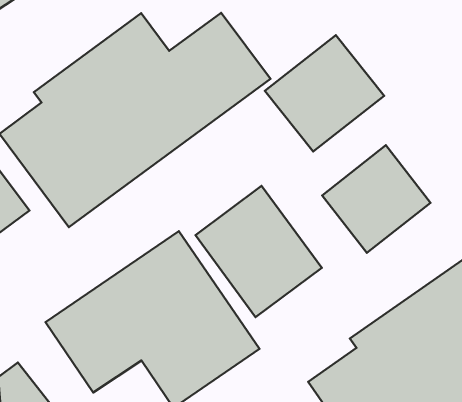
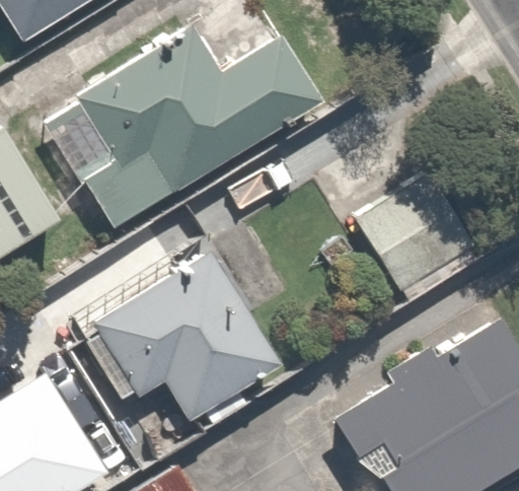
building: [265,35,384,152] -> none
building: [195,186,322,317] -> none

